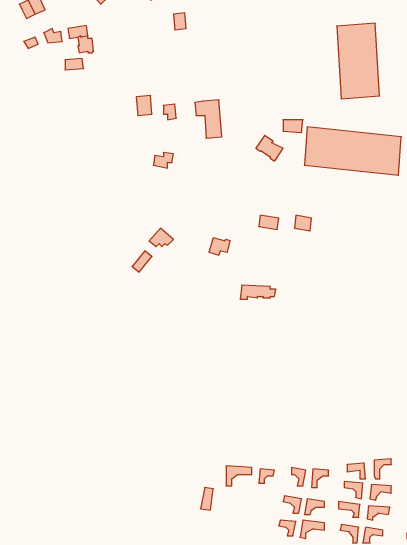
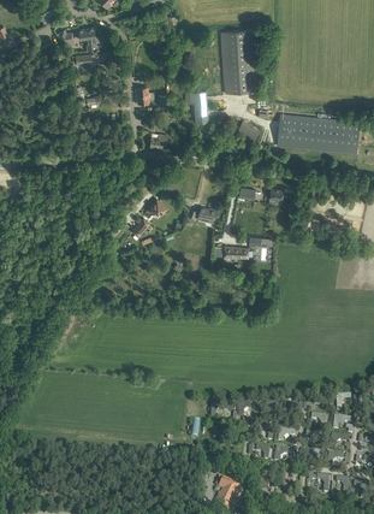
building: [337,23,380,99] -> [220,30,256,94]

